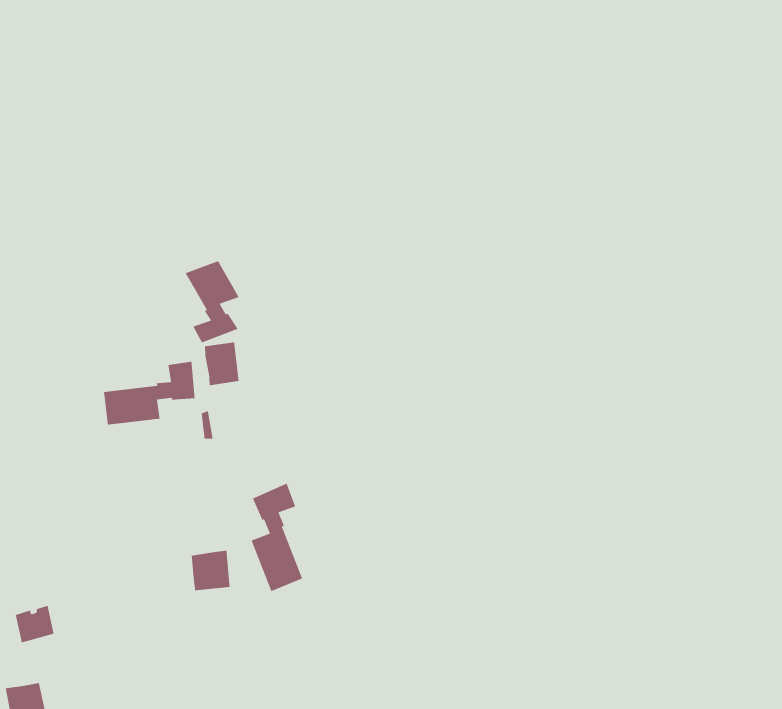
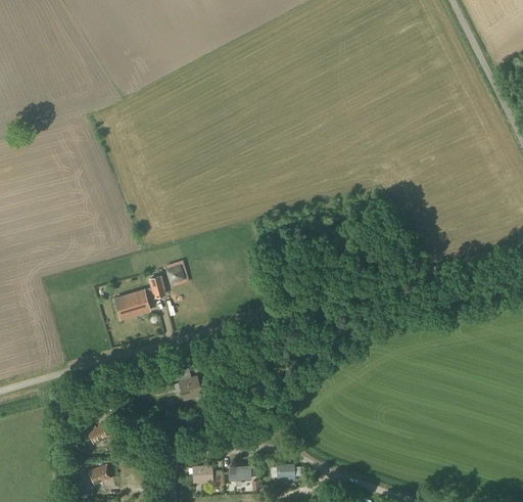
building: [184,260,240,344] -> none
building: [250,482,303,592] -> none

